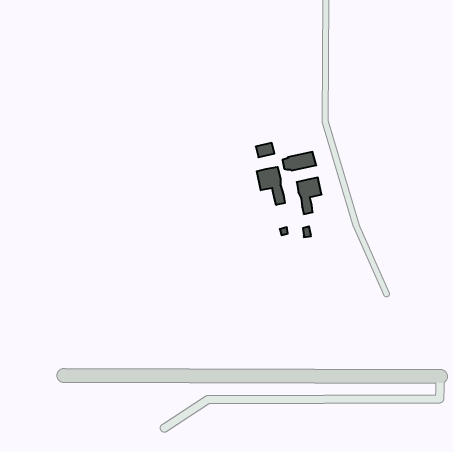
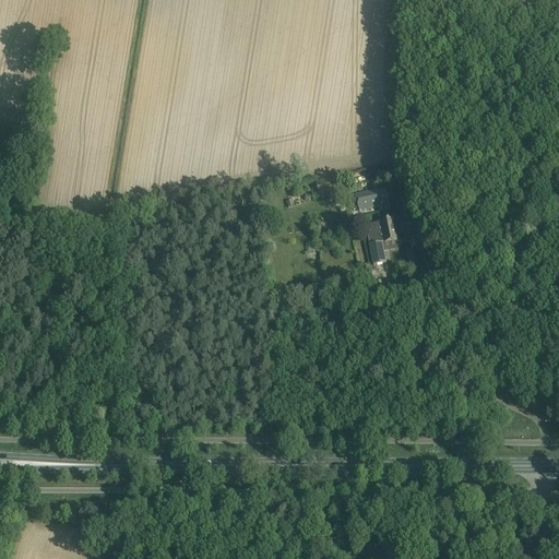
building: [257,167,285,205] -> none

